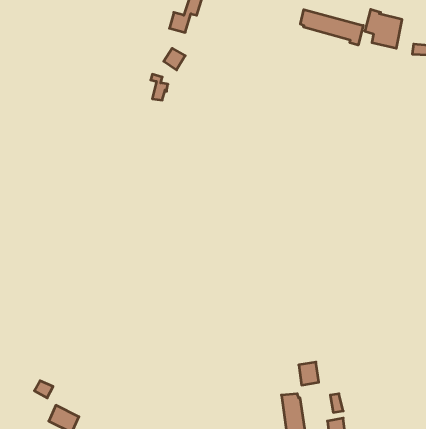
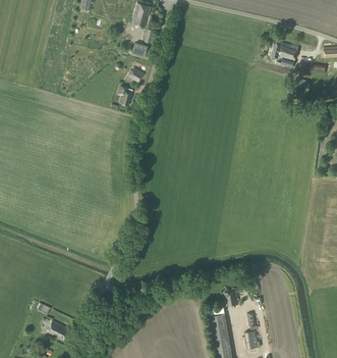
building: [300,10,363,45] -> none

